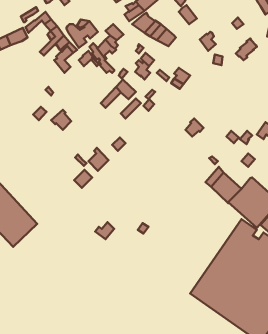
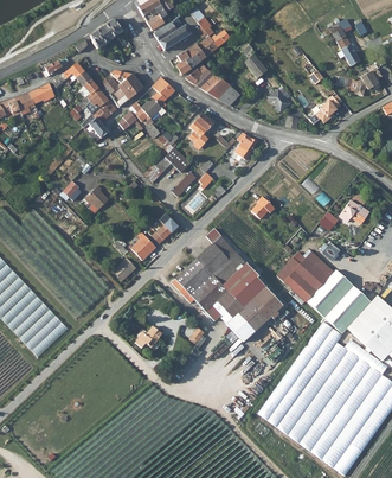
building: none -> [172,227,282,339]
building: none -> [298,250,332,283]

